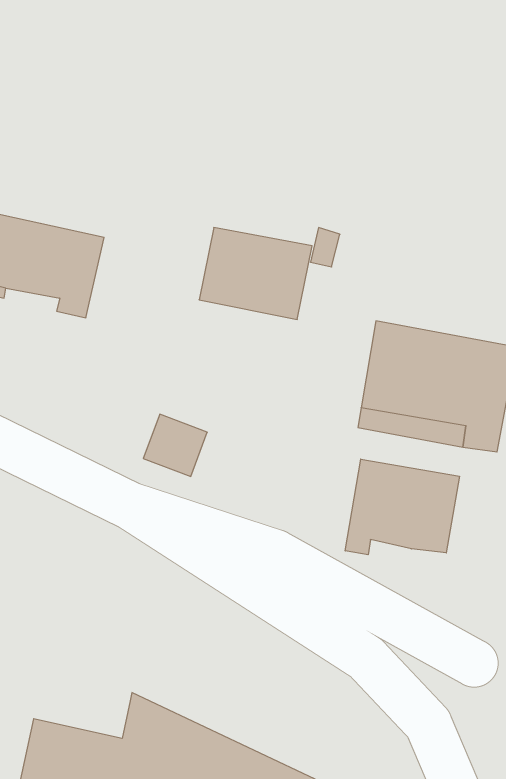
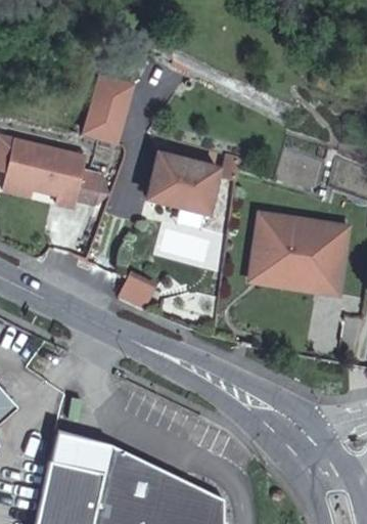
building: none -> [78,73,136,145]
building: [345,459,459,555] -> none
building: none -> [48,437,108,473]

